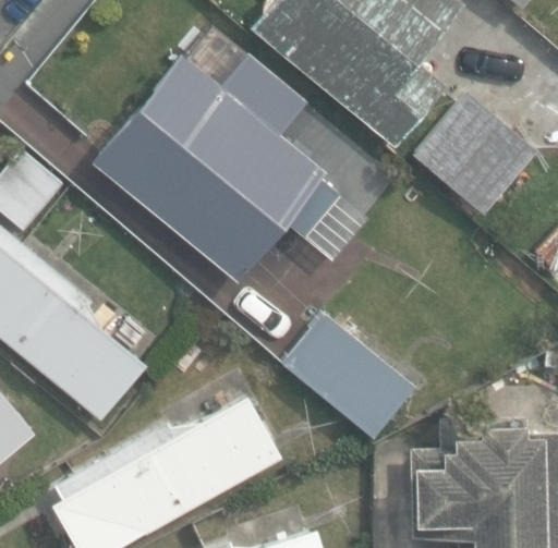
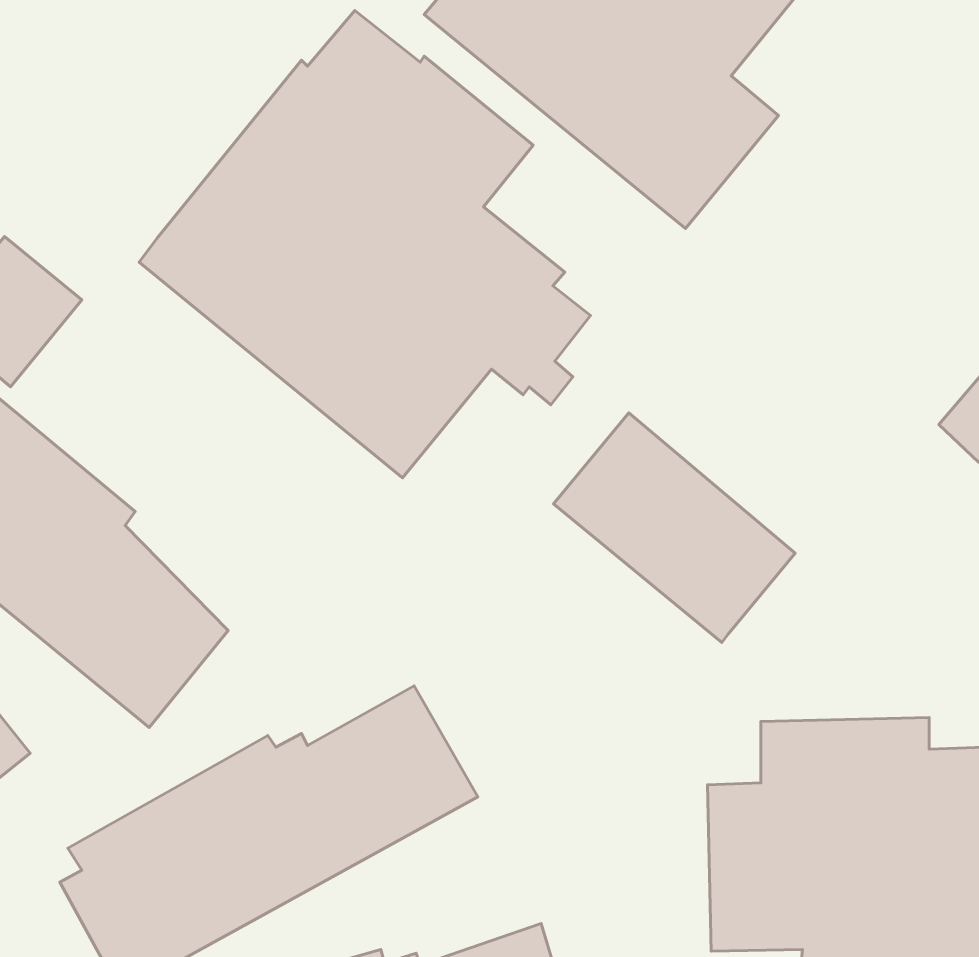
building: [413,90,539,216] -> none
building: [281,312,414,438] -> [554,413,795,642]

